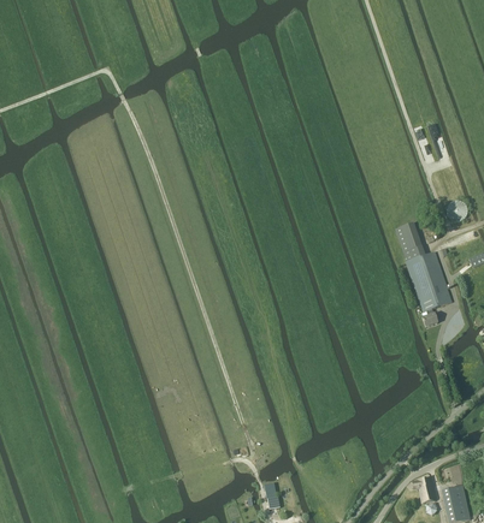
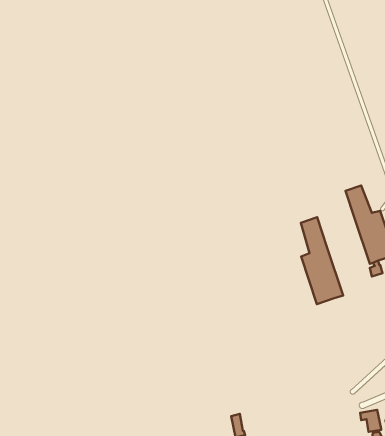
building: none -> [301,217,343,304]

